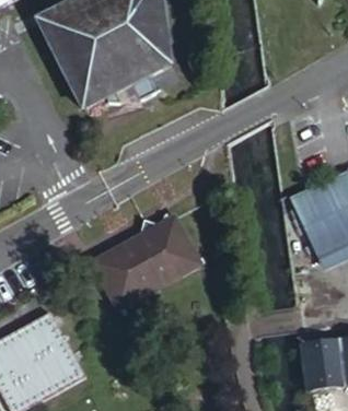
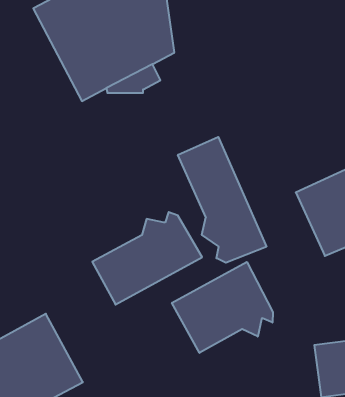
building: none -> [178,137,266,263]
building: none -> [172,262,273,353]

